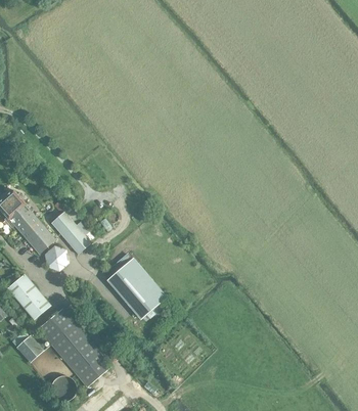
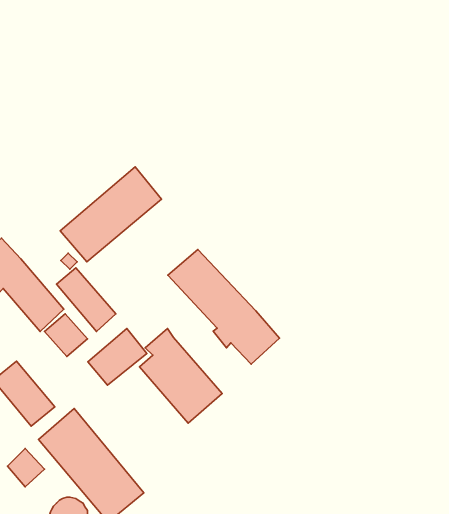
building: none -> [60,167,161,262]
building: none -> [168,249,279,364]
building: none -> [88,328,147,385]

